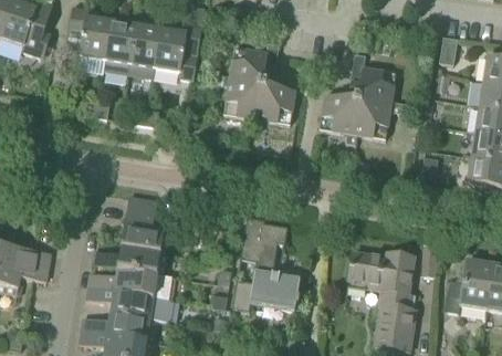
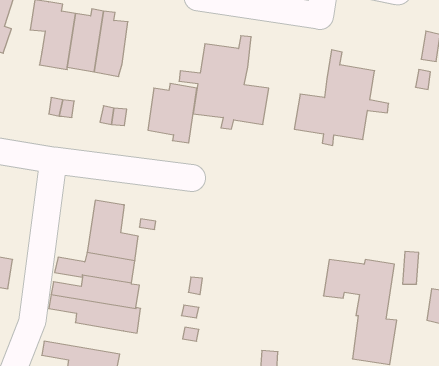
building: [155,23,201,80] -> [148,83,197,143]
building: [232,218,300,312] -> none
building: [81,313,156,343] -> none

